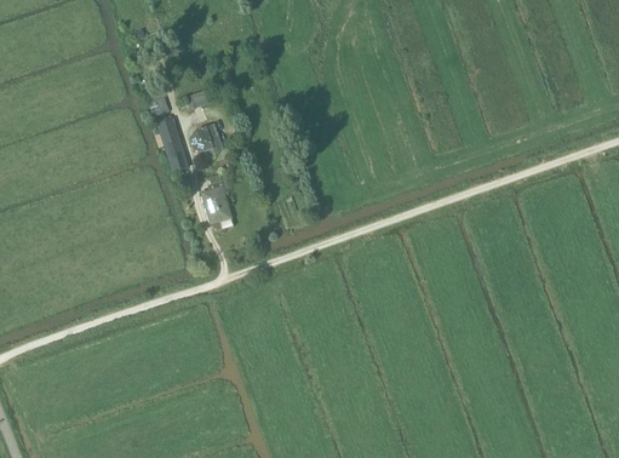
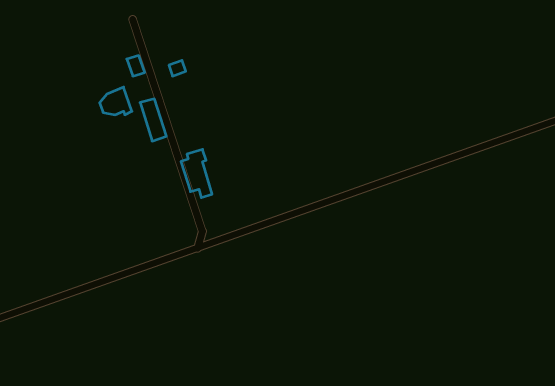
building: [189,122,222,150] -> [100,87,132,115]

